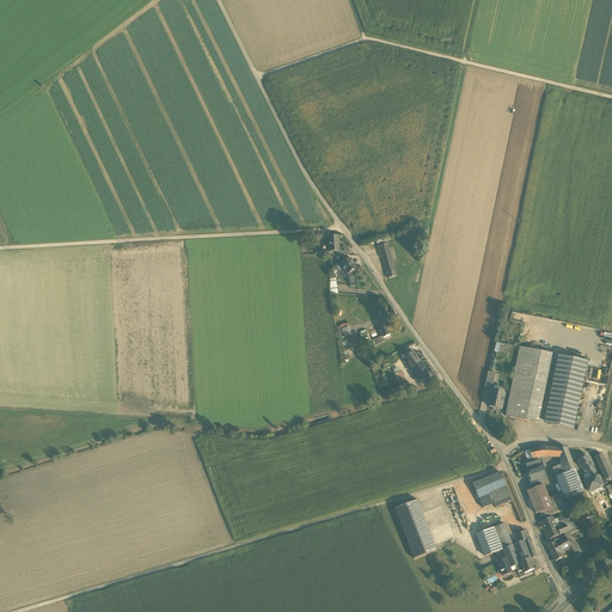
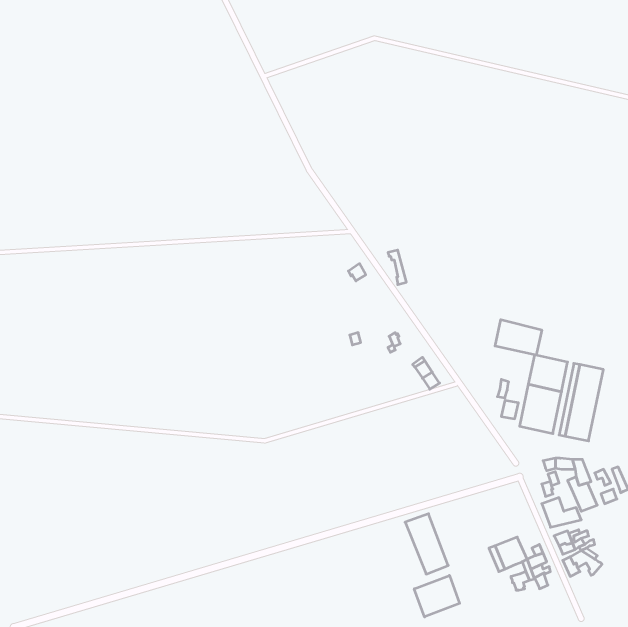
building: none -> [495,320,542,355]
building: [471,470,512,506] -> none
building: none -> [414,575,460,617]

